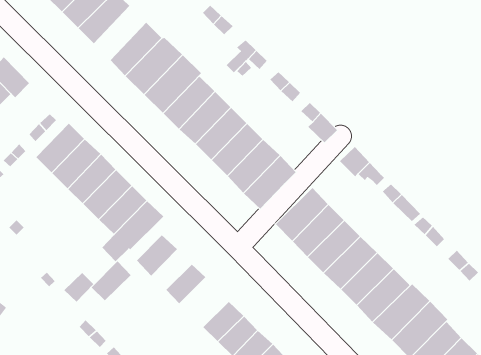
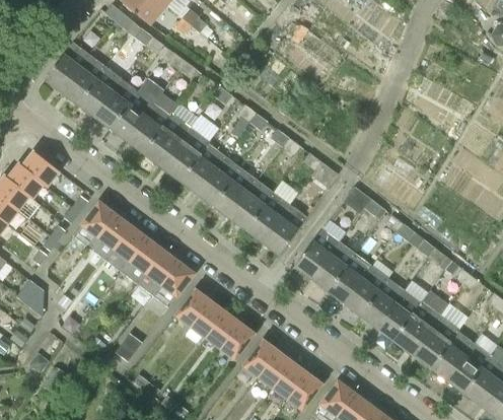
building: none -> [111,90,154,141]
building: [91,261,131,301] -> [191,300,225,338]
building: none -> [219,322,255,360]

